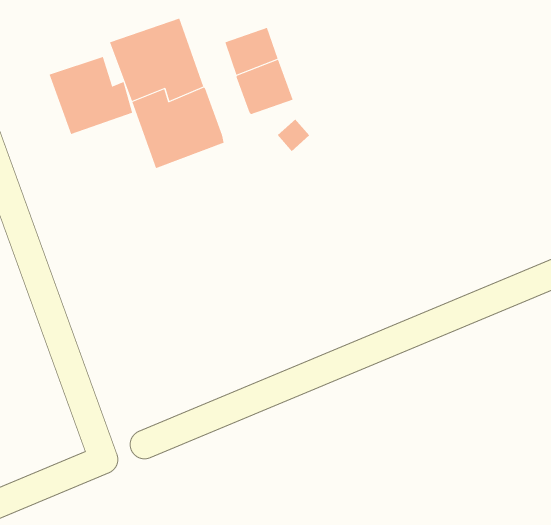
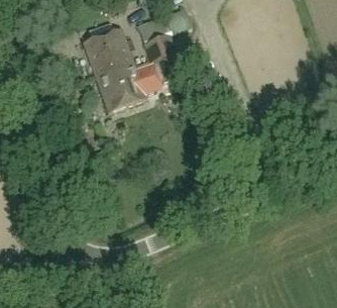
building: [49,56,133,135] -> none

